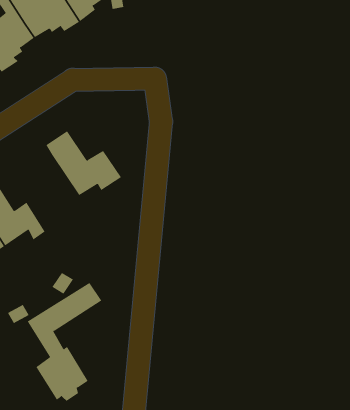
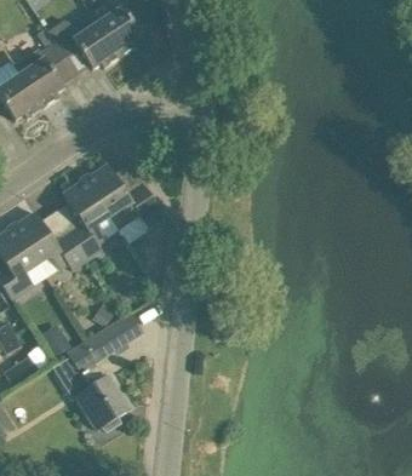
building: none -> [63,178,119,263]

